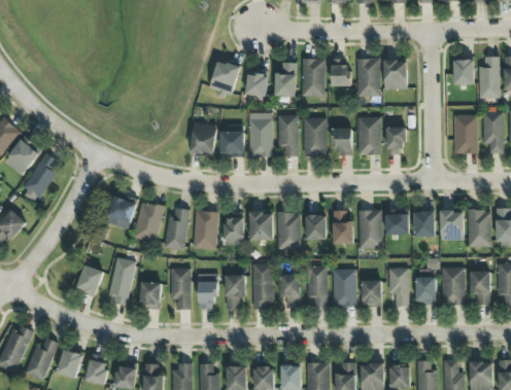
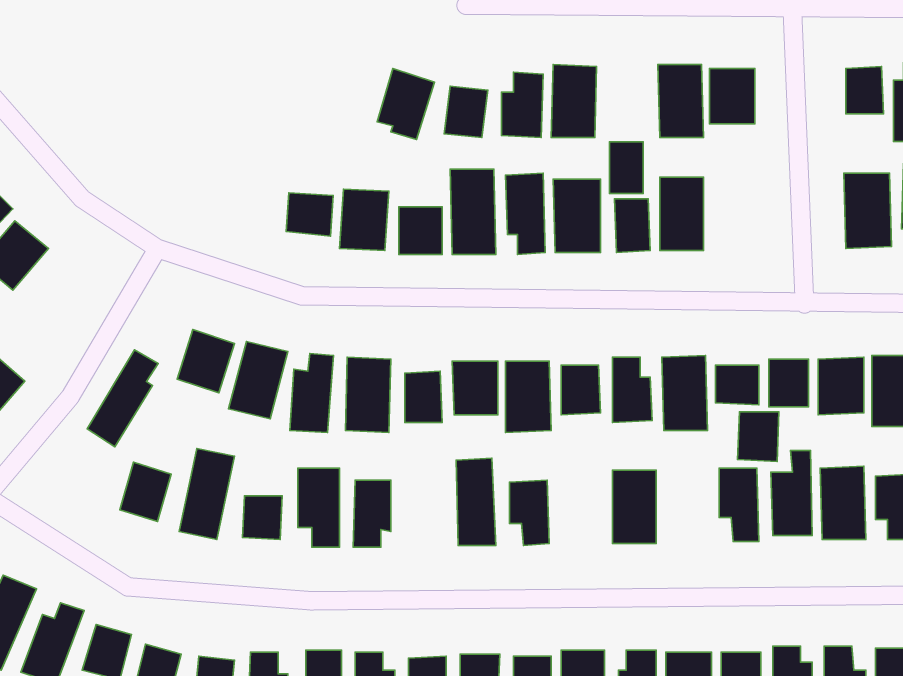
building: [332,59,349,85] -> [609,142,643,193]
building: none -> [286,193,333,236]
building: [386,127,404,154] -> none
building: [21,152,58,203] -> [87,350,158,447]
building: [306,265,328,307] -> none
building: [225,275,245,308] -> none
building: [361,280,382,306] -> [737,412,779,461]

